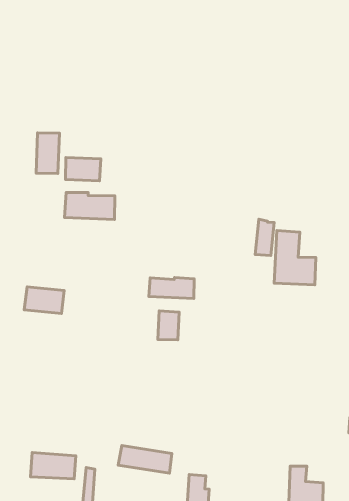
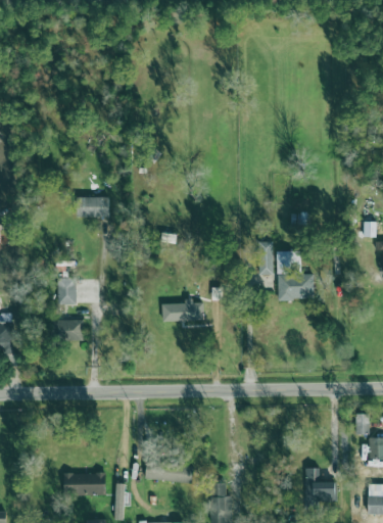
building: [36,133,59,173] -> none
building: [64,192,115,219] -> none
building: none -> [57,281,76,304]
building: [158,311,179,340] -> none

